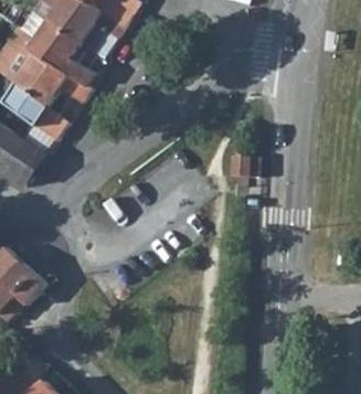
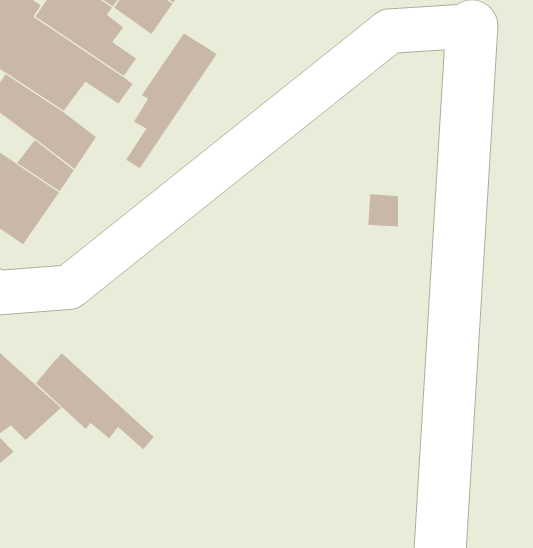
building: none -> [125,32,218,169]
building: none -> [35,353,155,450]

